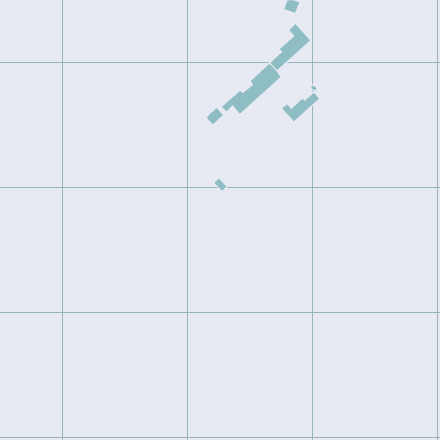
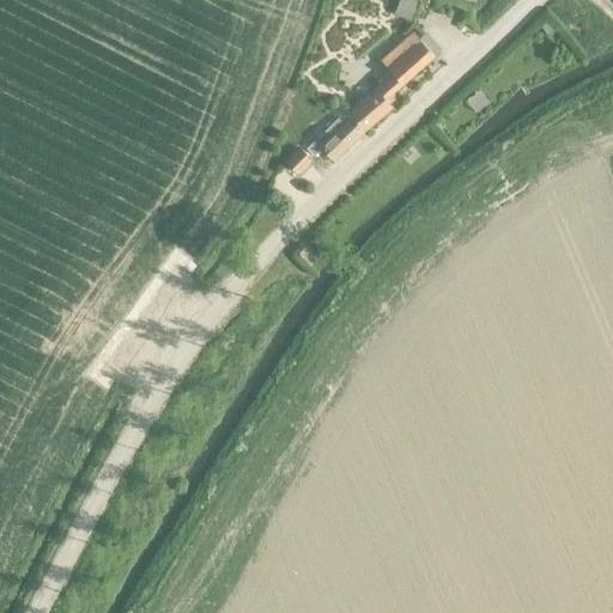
building: [281,91,320,122] -> none

